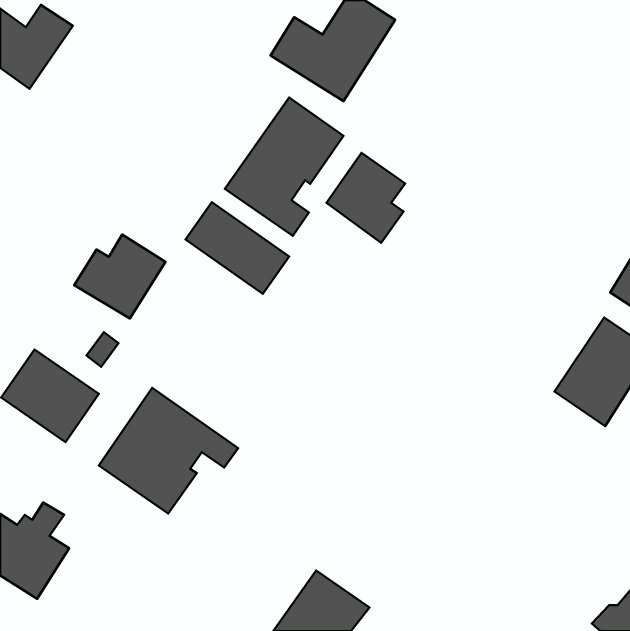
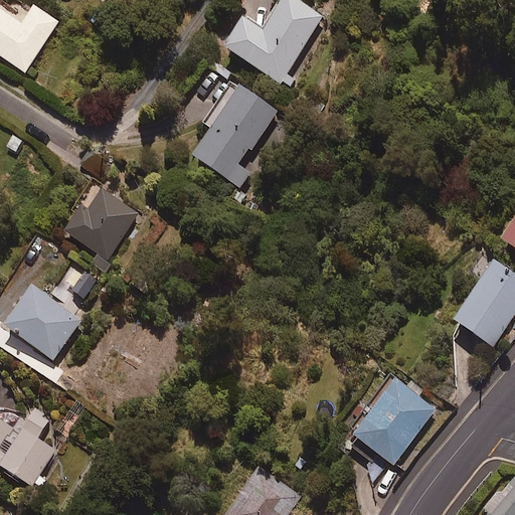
building: [327,153,405,243] -> none
building: [185,202,289,294] -> none
building: [99,388,238,513] -> none
building: none -> [353,378,437,466]

